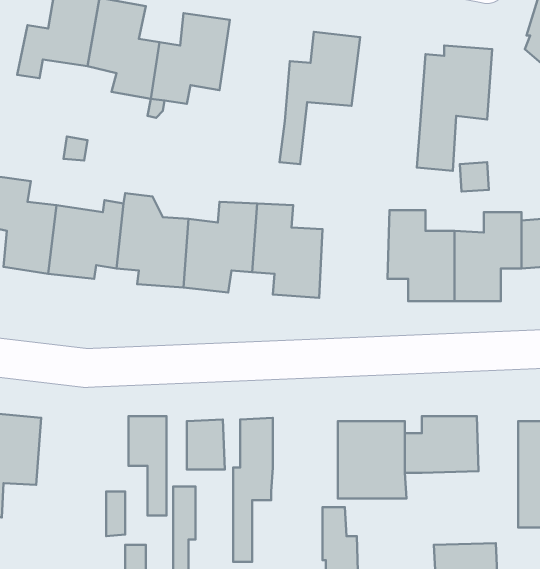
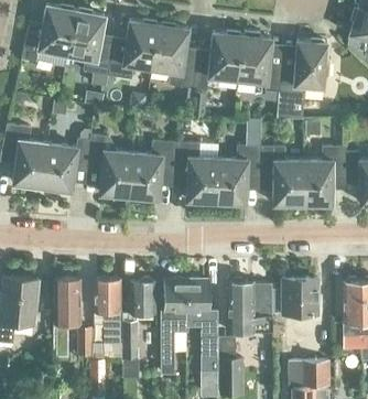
building: none -> [152,24,197,89]
building: none -> [237,35,284,91]
building: none -> [216,145,261,204]
building: none -> [54,279,80,357]
building: none -> [185,280,218,371]

